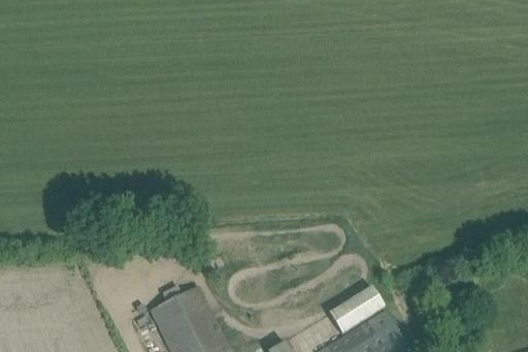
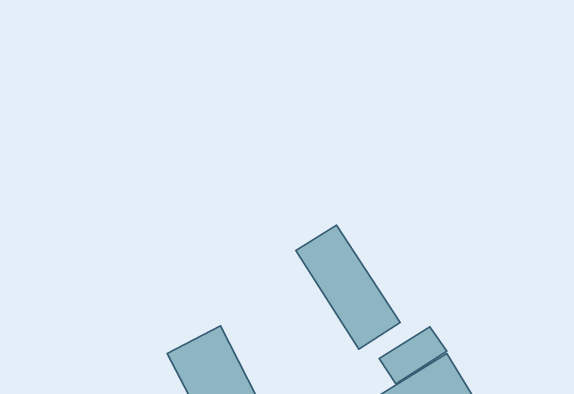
building: none -> [296,225,400,349]

